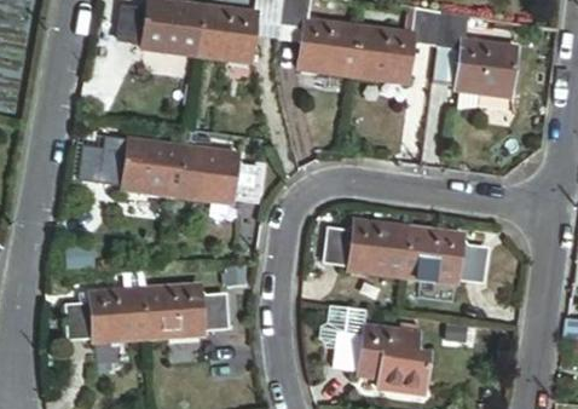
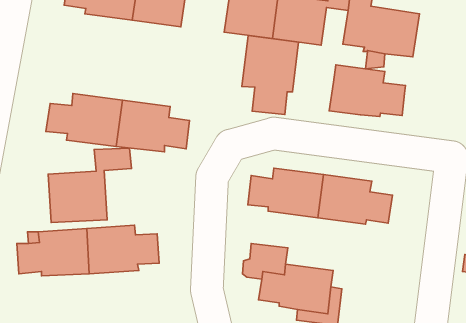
building: none -> [242,36,298,115]
building: none -> [329,65,406,117]
building: none -> [48,148,132,222]

